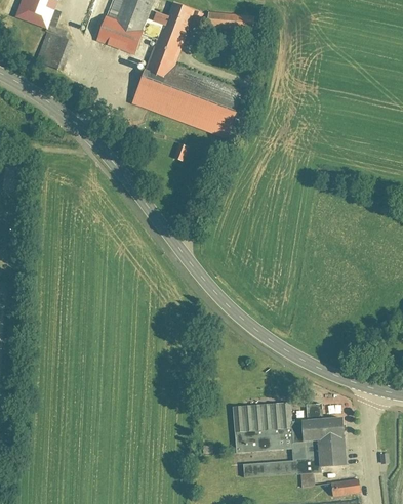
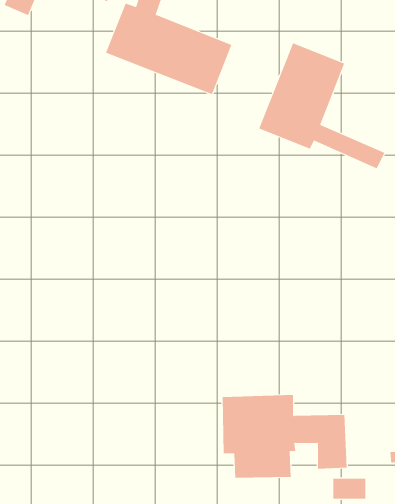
building: none -> [258,43,385,169]

